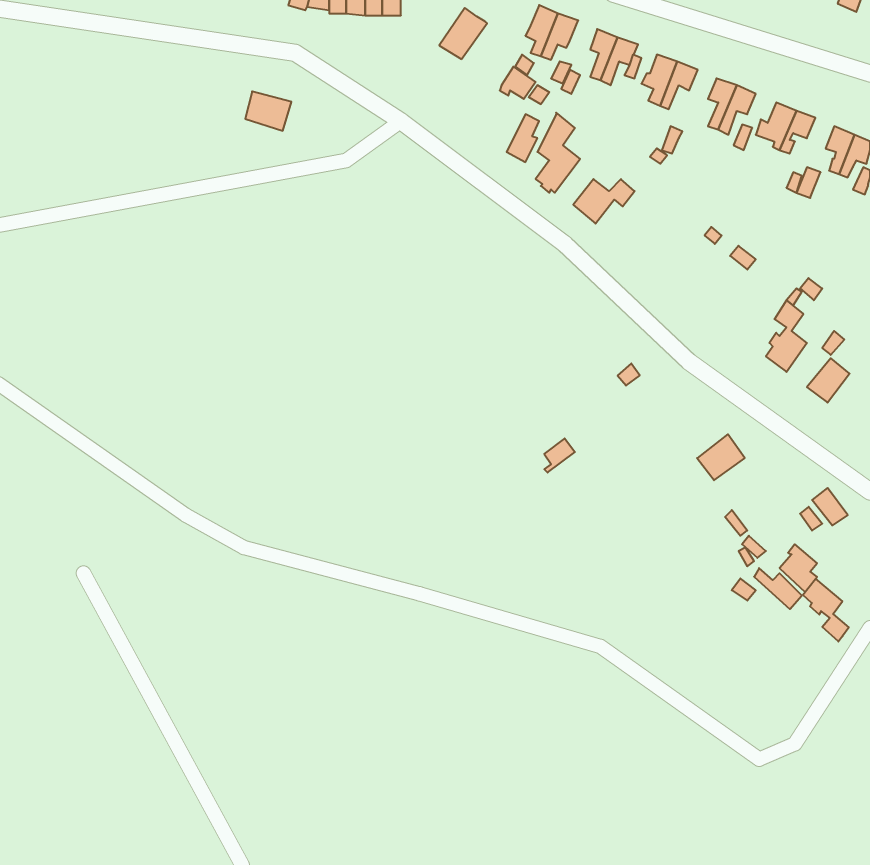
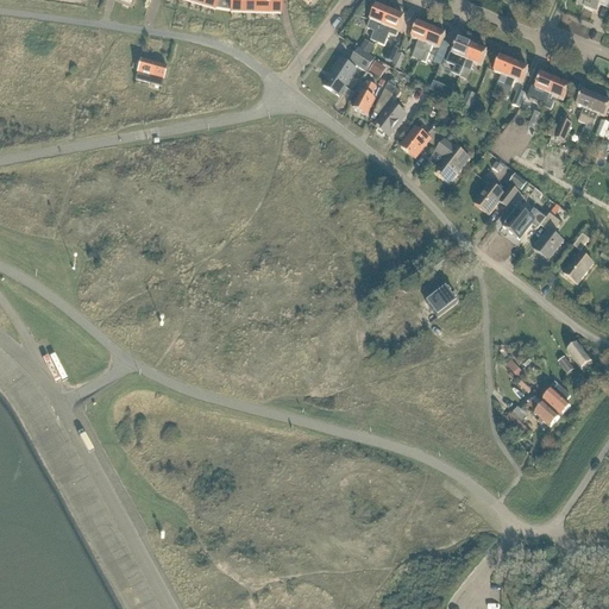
building: [439,8,487,59] -> [322,57,356,93]
building: [245,91,291,131] -> [134,56,167,83]
building: none -> [432,137,469,182]
building: none -> [472,180,519,213]
building: none -> [502,205,545,236]
building: [697,434,745,480] -> [425,282,458,314]
building: [803,579,849,642] -> none

